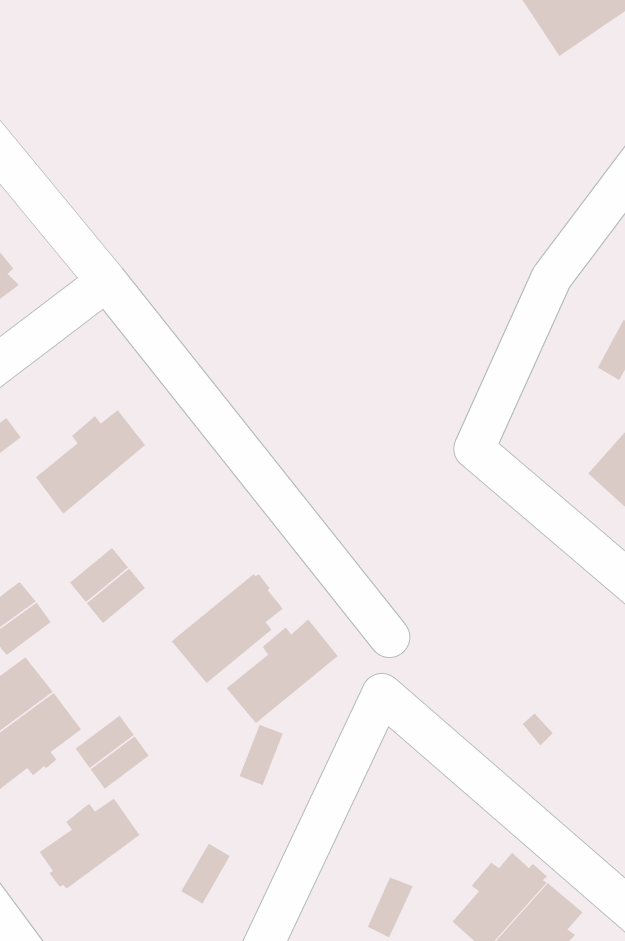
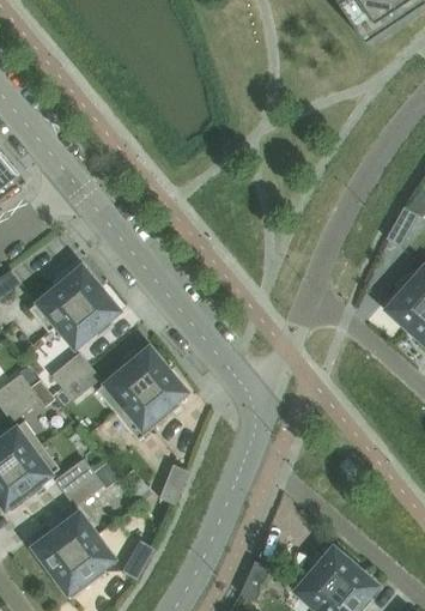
building: none -> [55,288,120,346]
building: [226,619,339,724] -> [97,345,169,412]
building: none -> [50,536,115,598]

